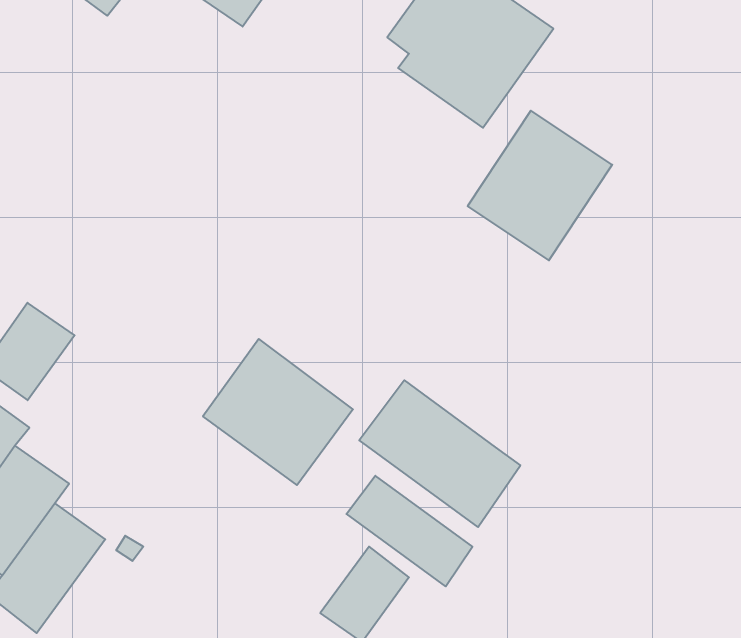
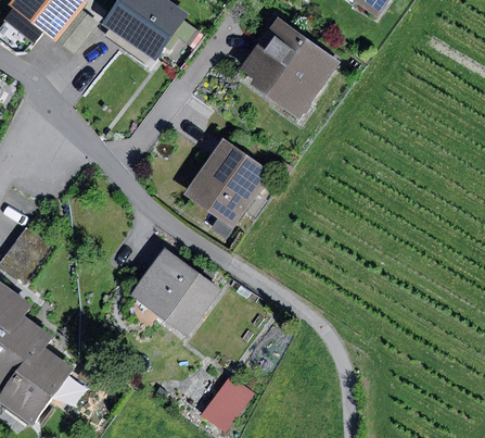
building: [468,111,612,260] -> [183,135,270,225]
building: [359,380,520,527] -> none
building: [346,476,472,586] -> none

